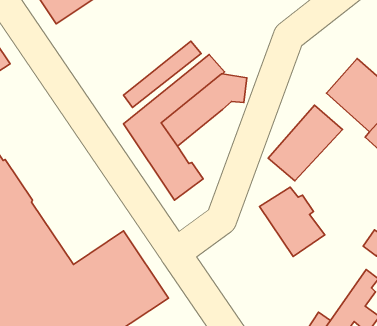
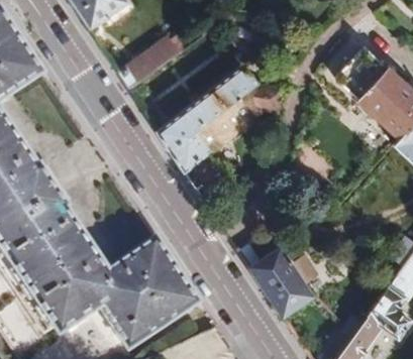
building: none -> [118,36,179,90]
building: [268,105,342,181] -> none
building: [259,187,325,256] -> [248,247,313,316]

